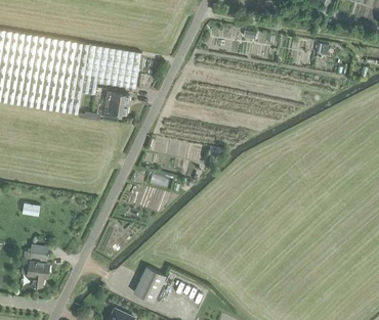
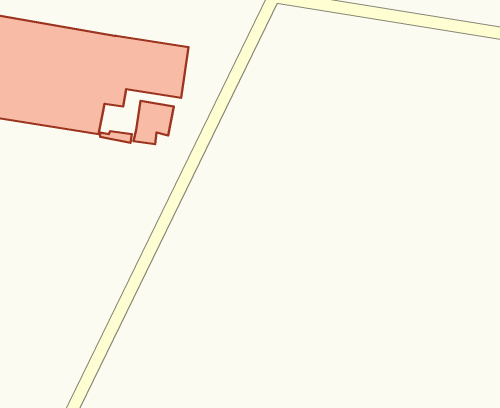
building: [27,252,49,286] -> none
building: [133,266,166,302] -> none

